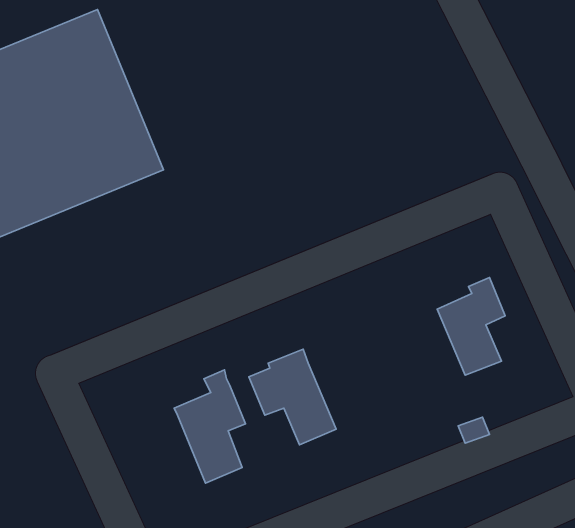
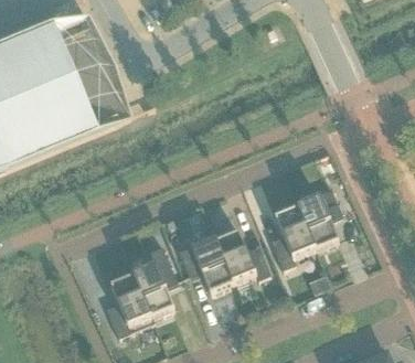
building: none -> [270,203,313,265]
building: none -> [214,227,268,279]
building: none -> [107,270,151,332]

